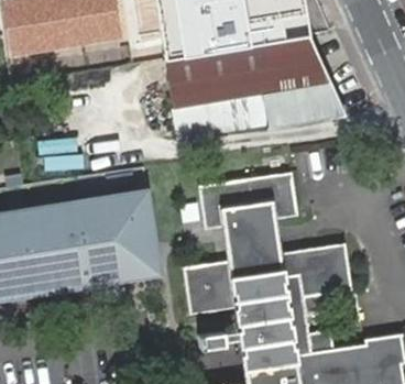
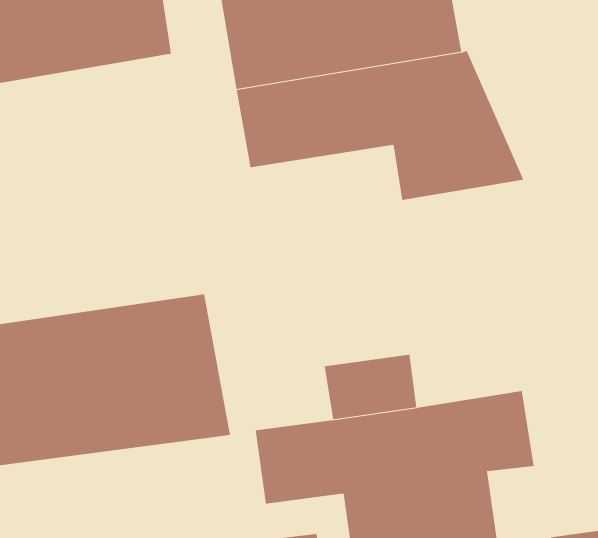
building: [173,95,270,141] -> none
building: [196,178,298,238] -> none

